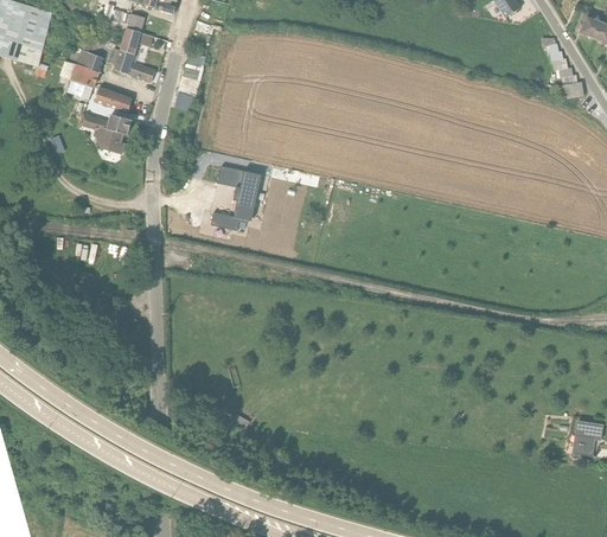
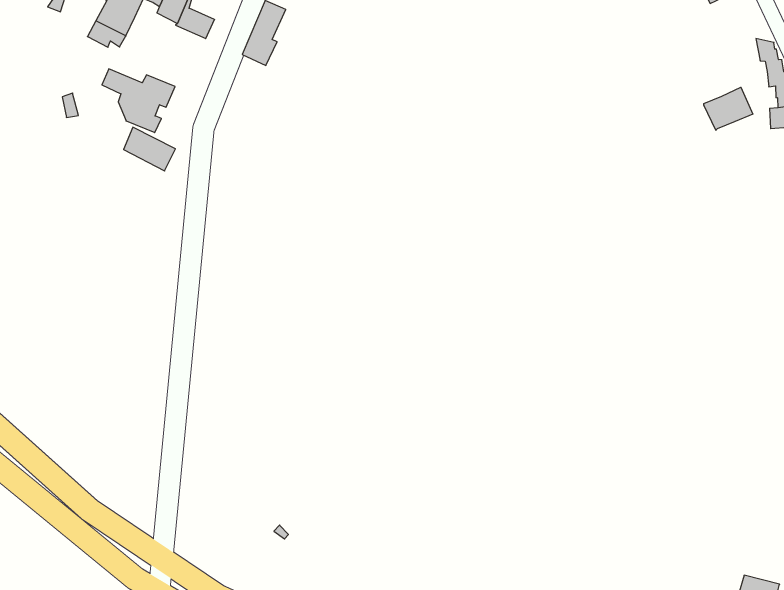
building: none -> [704,87,753,130]
building: [95,85,132,114] -> [124,127,175,171]
building: [212,166,260,226] -> none

